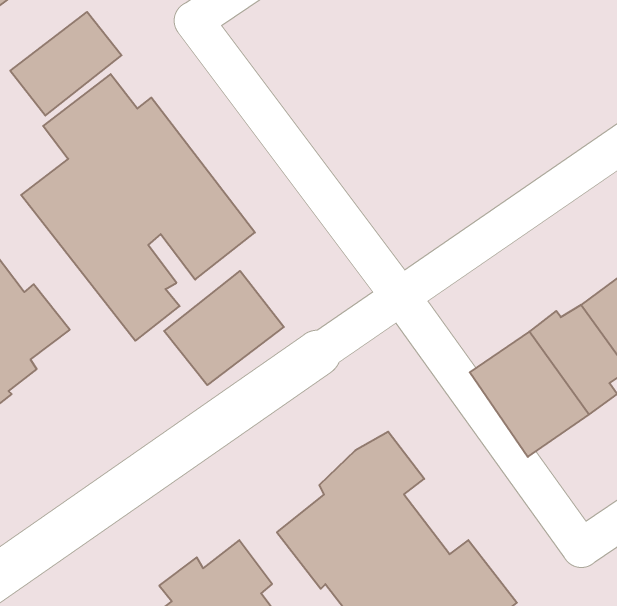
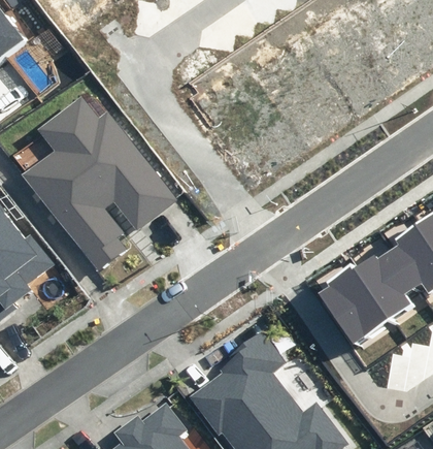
building: [10,12,122,116] -> none
building: [164,271,284,385] -> none

